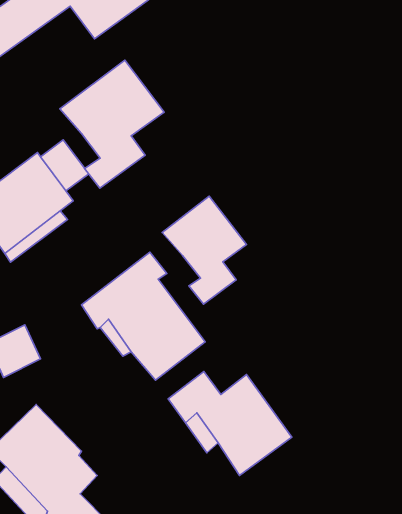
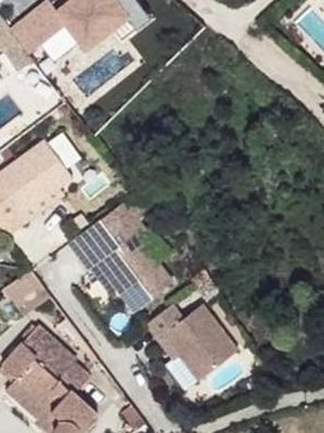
building: [60,60,164,188] -> none
building: [162,196,247,304] -> none

